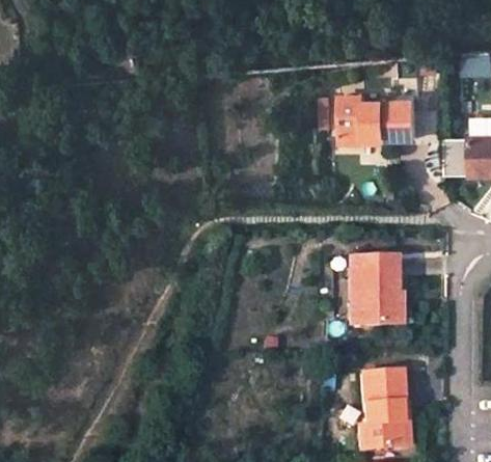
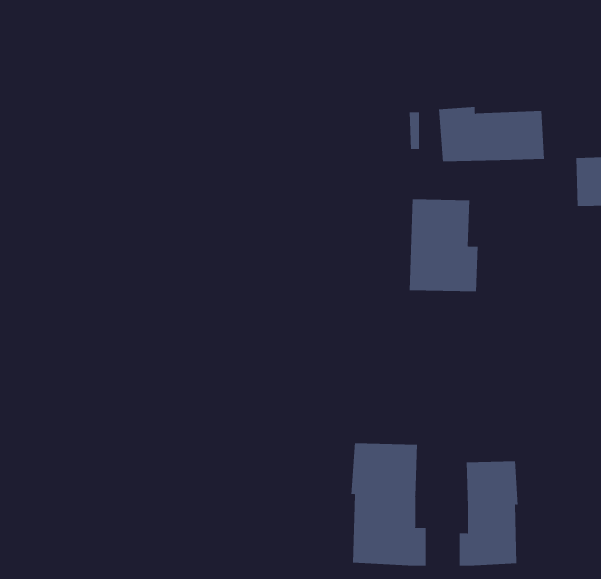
building: [355,252,407,322] -> [409,199,478,292]
building: none -> [351,442,426,567]

